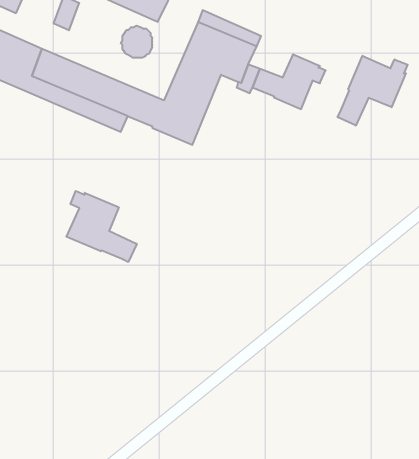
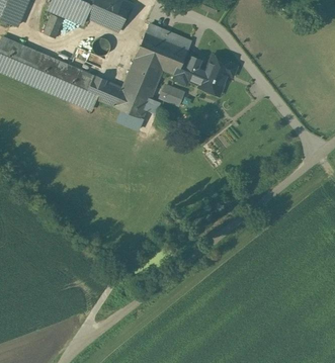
building: [338,56,408,126] -> none
building: none -> [162,83,190,107]
building: [66,191,137,262] -> none

